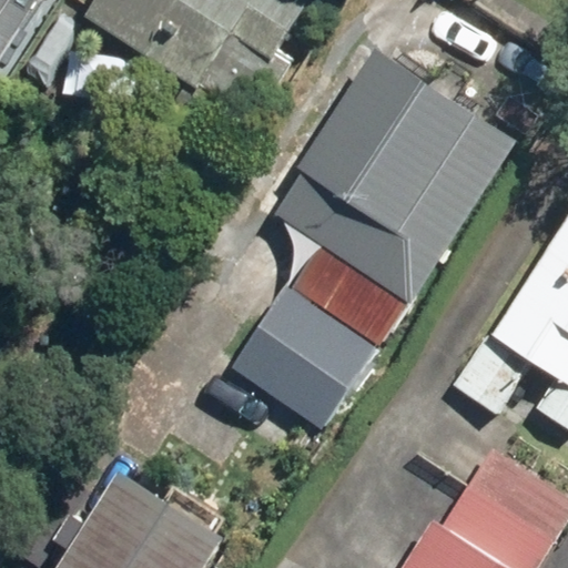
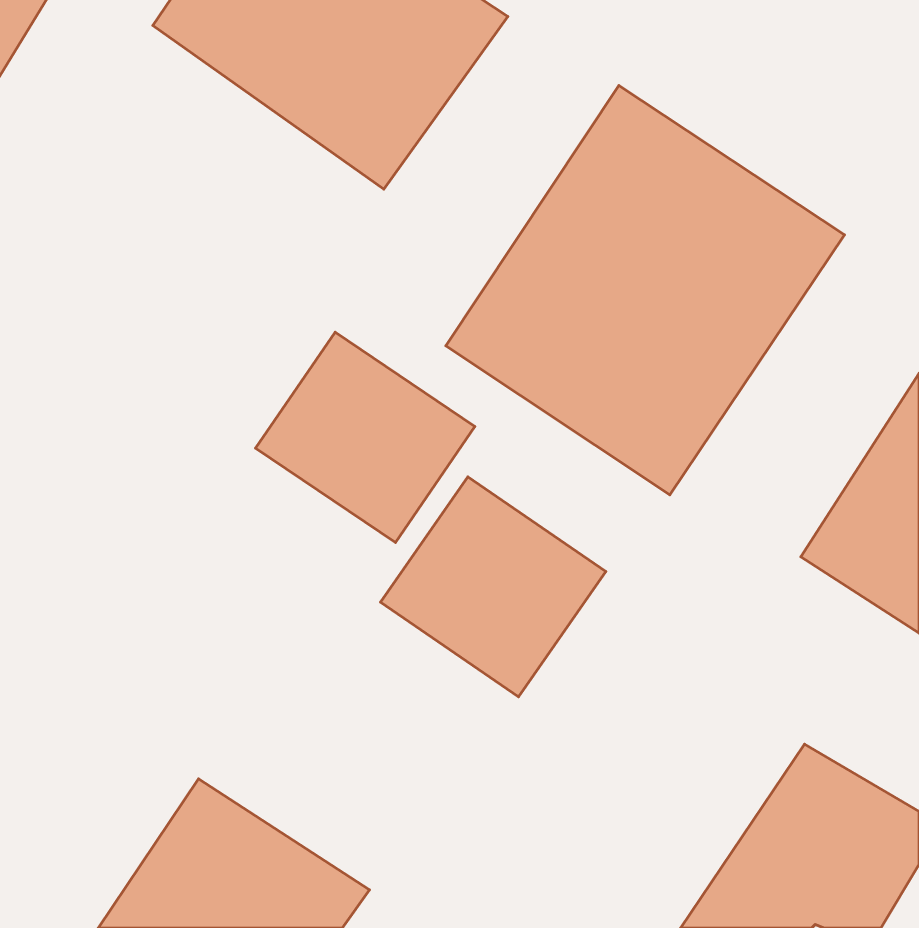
building: none -> [256,332,475,542]

